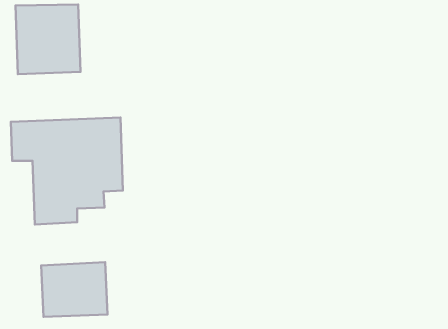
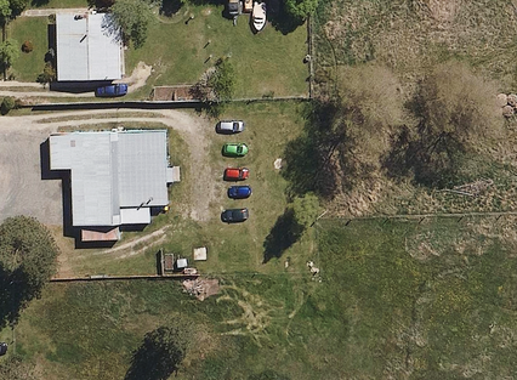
building: [41,262,107,317] -> none

